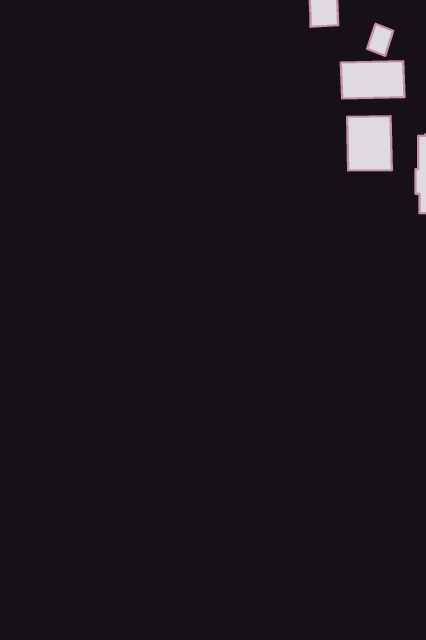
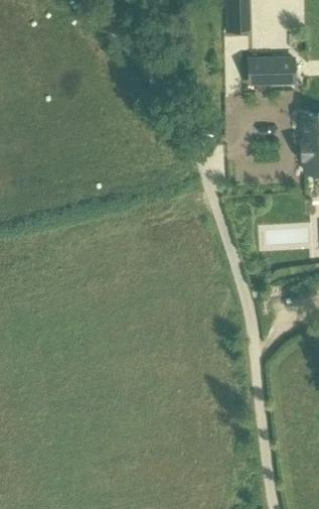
building: [347,116,392,170] -> none

